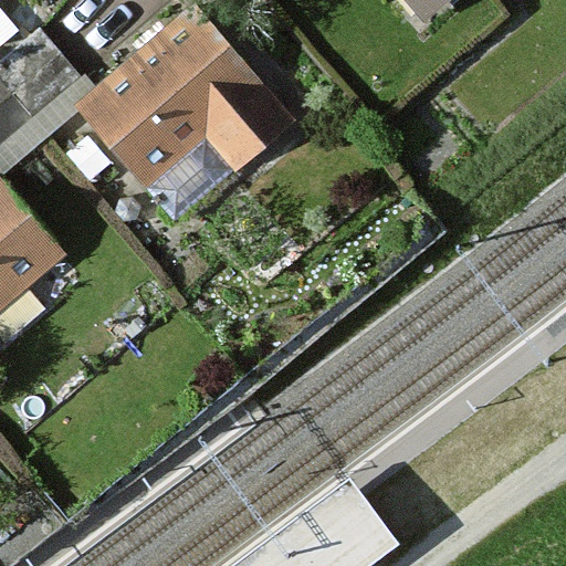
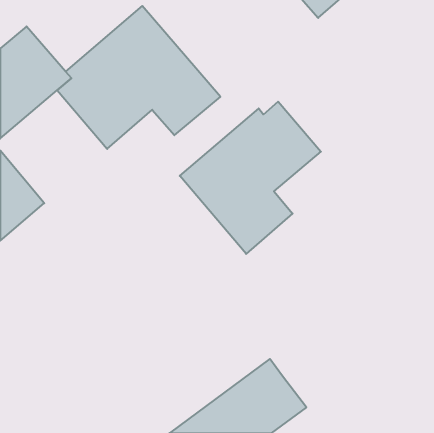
building: none -> [180,102,321,254]

